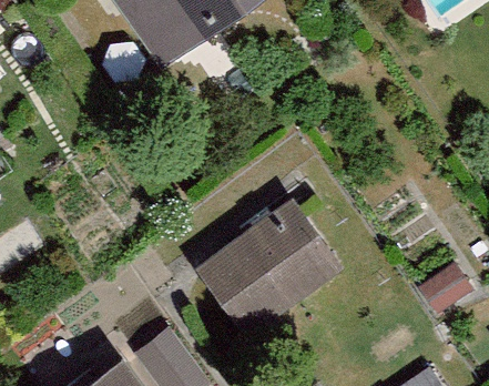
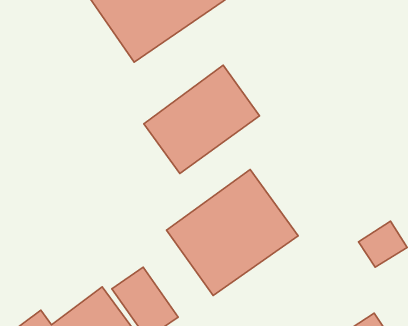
building: none -> [144,65,260,173]

